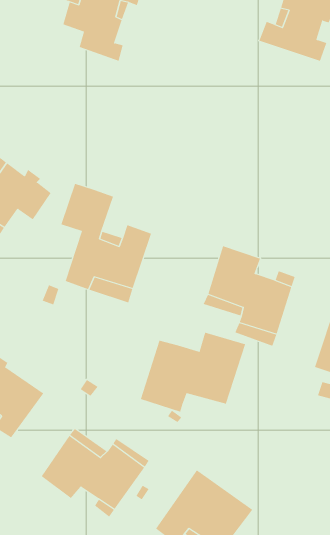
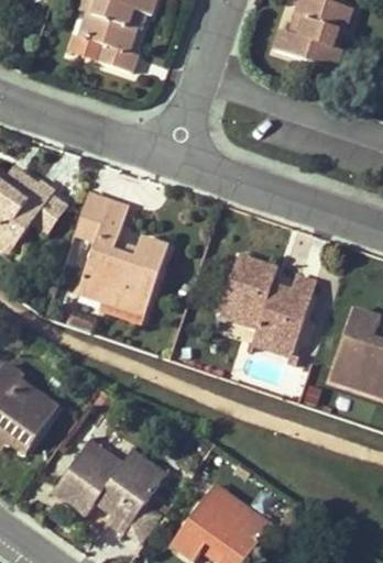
building: [140,332,246,413] -> none

